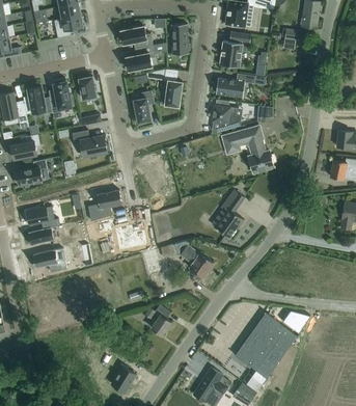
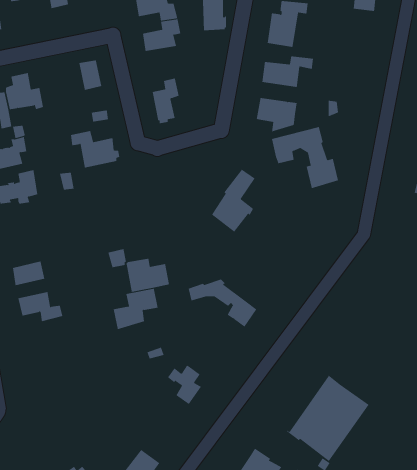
building: [163,70,182,107] -> none
building: [49,81,71,117] -> none
building: [87,190,121,221] -> [113,288,159,330]
building: [211,190,244,238] -> [211,169,255,232]
building: [25,206,58,229] -> none

